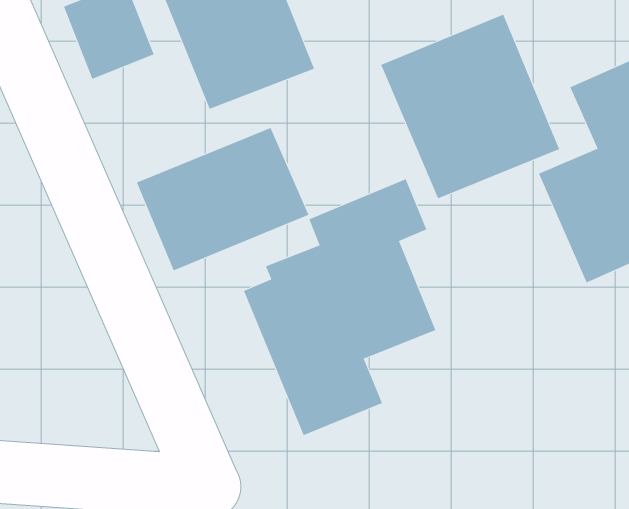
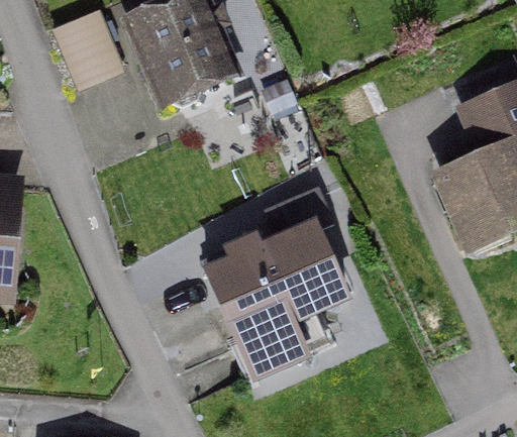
building: [380,14,560,199] -> none
building: [136,127,309,271] -> none

